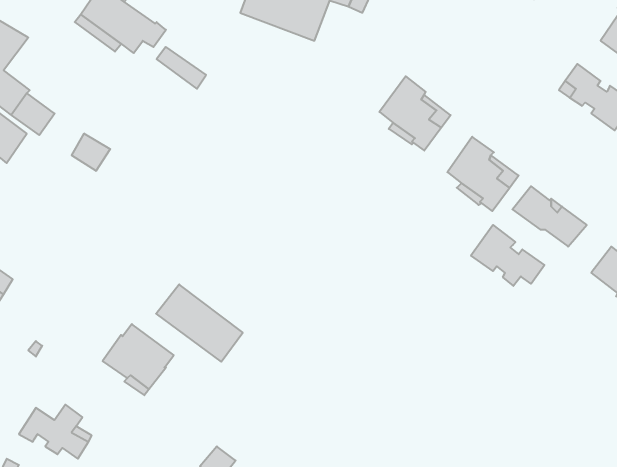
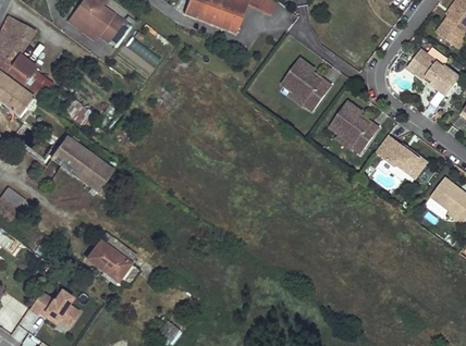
building: [471,225,544,286] -> none
building: [156,284,243,362] -> [52,134,113,188]

